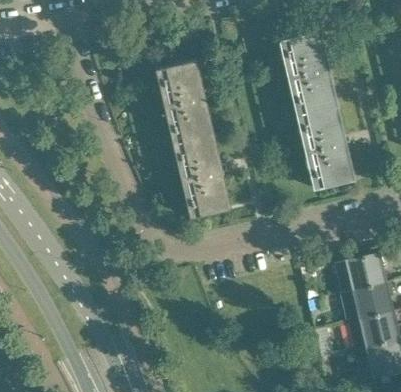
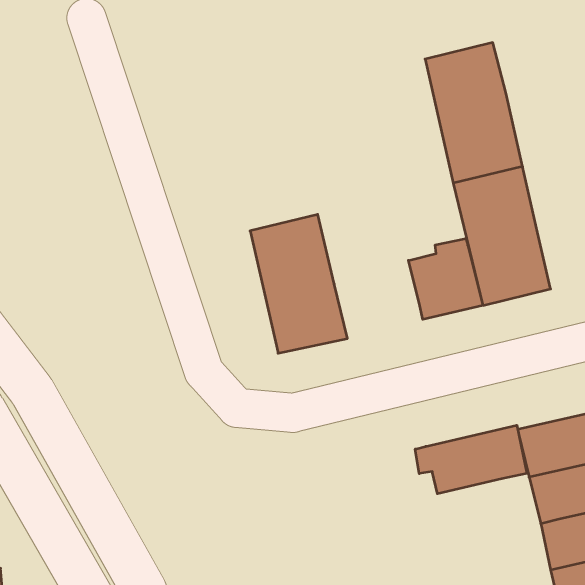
building: [155,60,214,145] -> none
building: none -> [408,238,483,319]
building: none -> [415,425,527,494]

